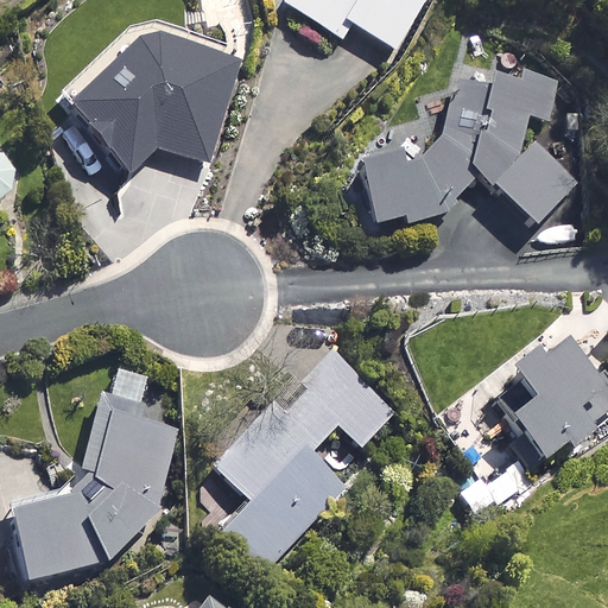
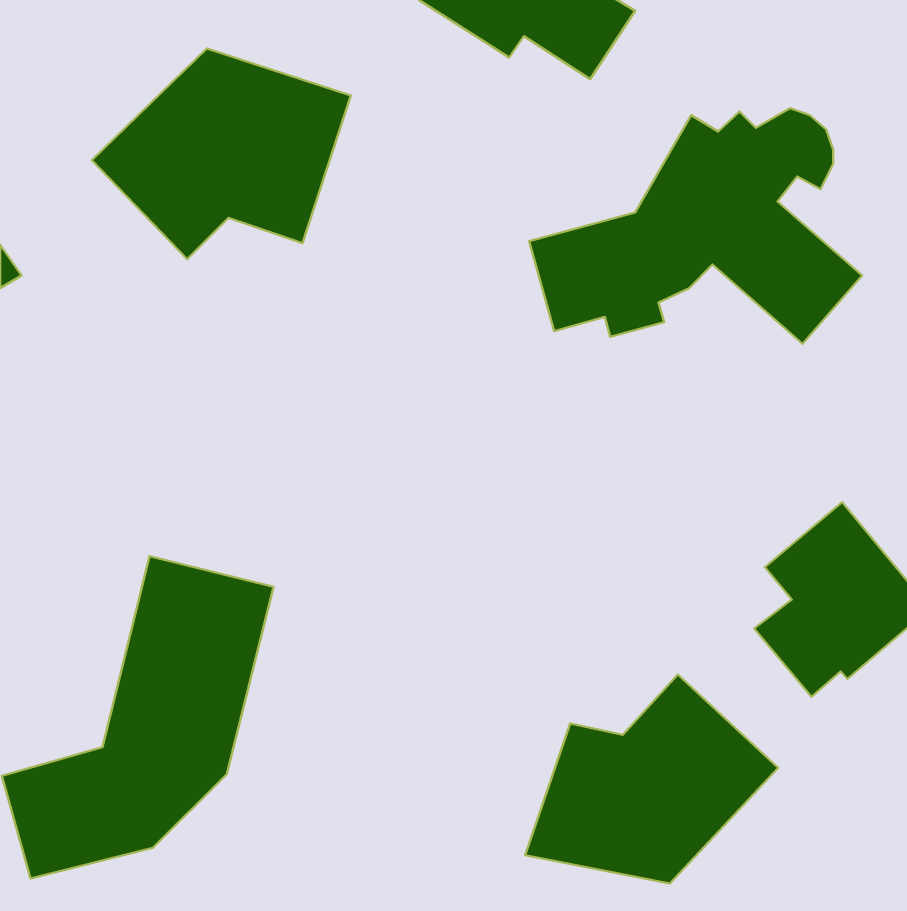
building: [214,343,398,576] -> none
building: none -> [525,675,778,883]

